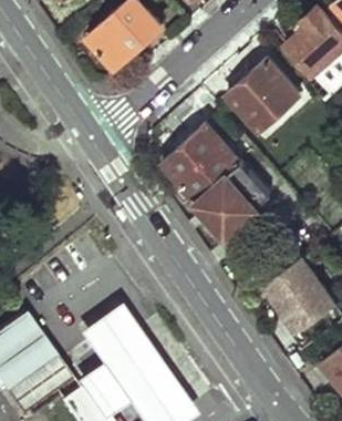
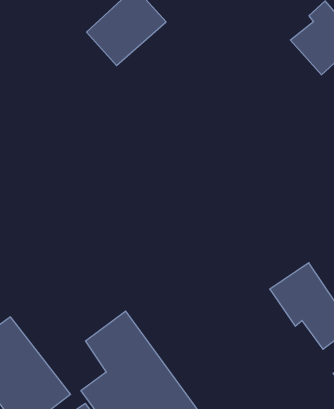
building: [226,60,299,132] -> none
building: [164,126,269,236] -> none

